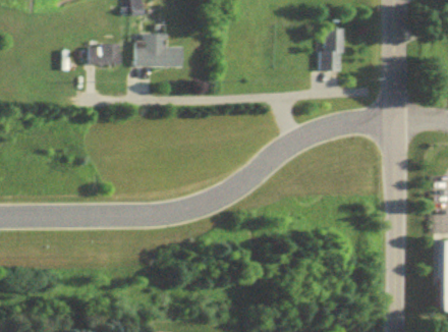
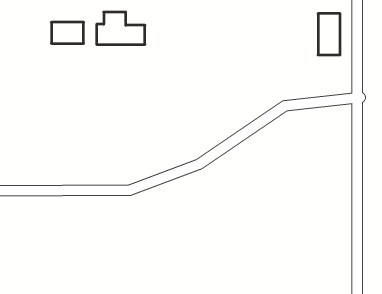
building: [322,30,344,71] -> [318,14,340,55]

